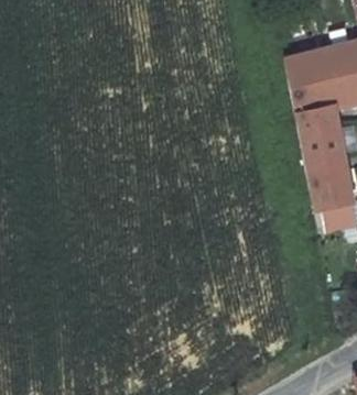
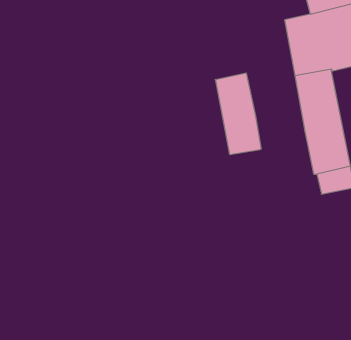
building: none -> [215,73,261,155]

